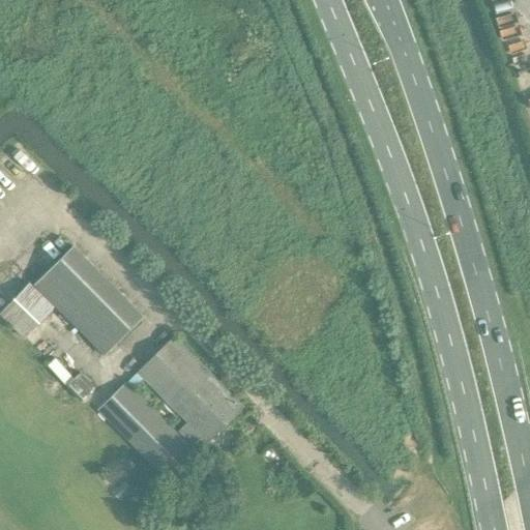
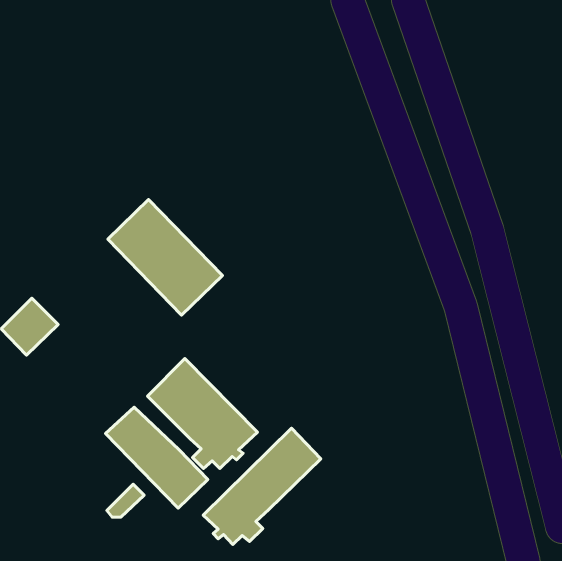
building: [35,245,143,354] -> [108,200,222,315]
building: none -> [203,428,321,545]

